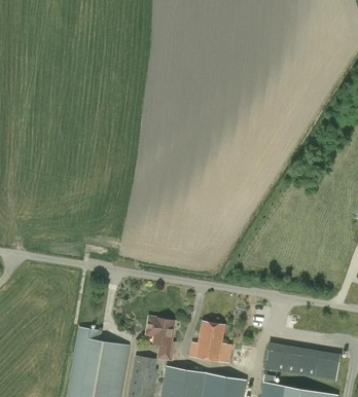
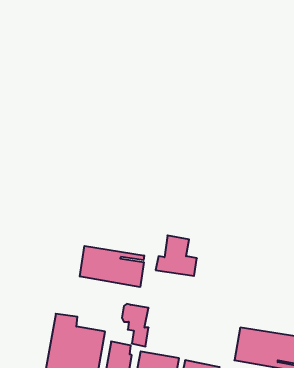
building: none -> [80,246,144,287]
building: [189,321,232,363] -> [156,235,197,276]

